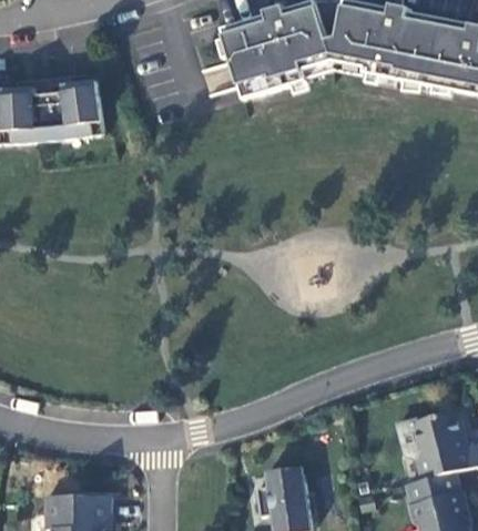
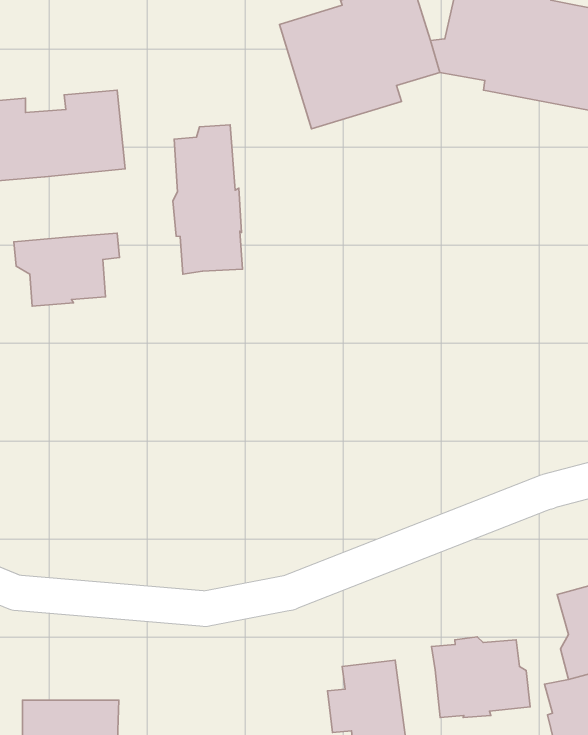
building: none -> [173,125,242,274]
building: none -> [14,233,119,306]
building: none -> [431,637,530,718]

